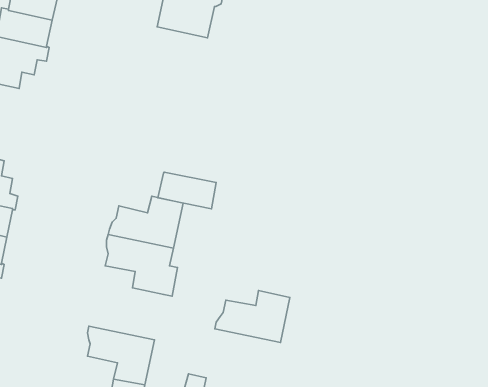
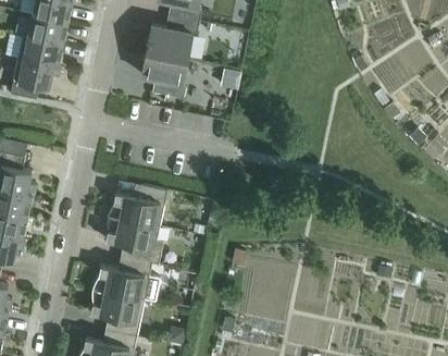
building: none -> [140,50,186,98]
building: [158,172,216,209] -> none
building: [215,291,290,342] -> [91,258,151,299]

